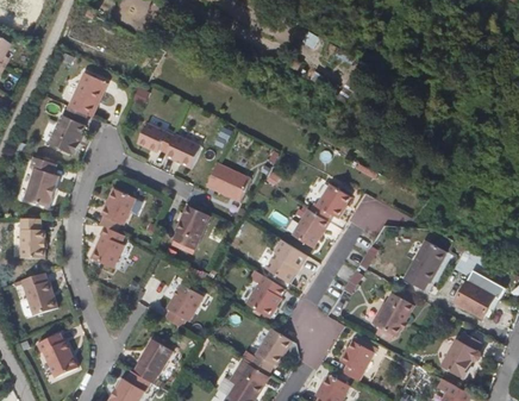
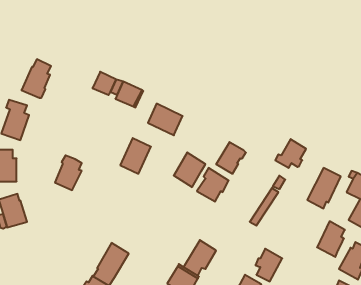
building: [68,81,102,117] -> none
building: [308,183,346,219] -> [275,139,306,168]
building: [99,187,135,230] -> none
building: [246,275,286,318] -> [174,152,205,187]
building: [164,282,204,326] -> none
building: [375,293,409,337] -> [317,221,345,257]
building: [37,332,77,376] -> none

